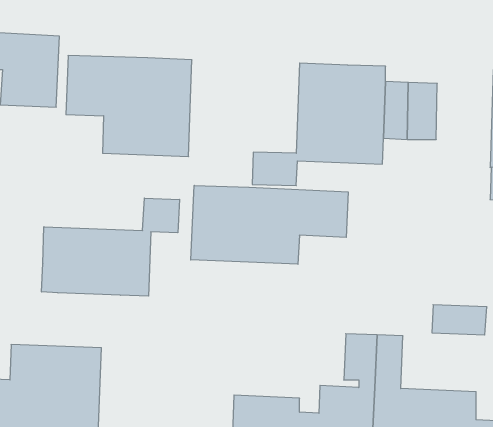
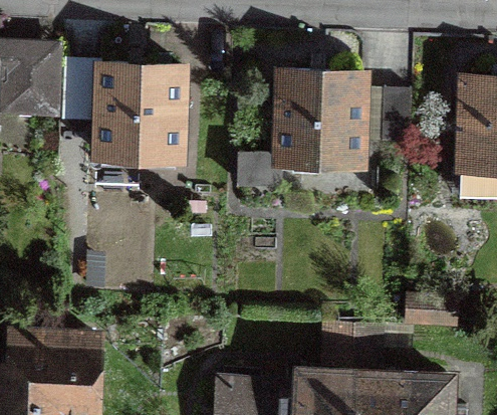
building: [191,185,348,264] -> none
building: [42,198,180,296] -> none

